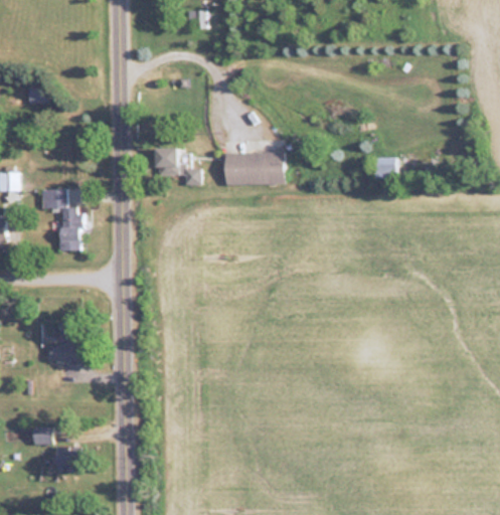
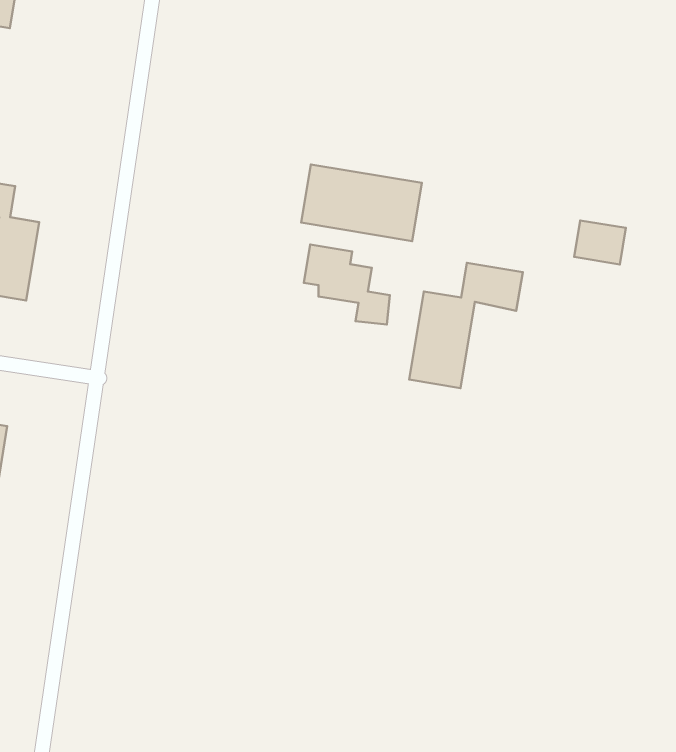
building: [154,148,202,185] -> [304,244,390,325]
building: none -> [409,263,523,388]

